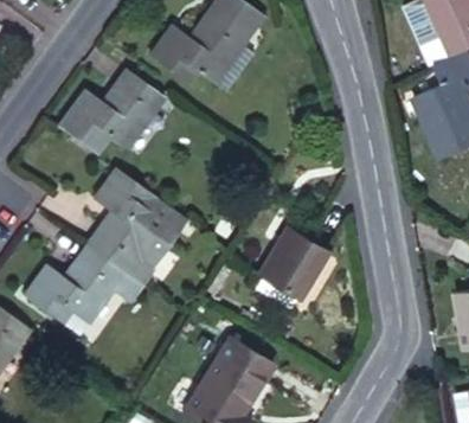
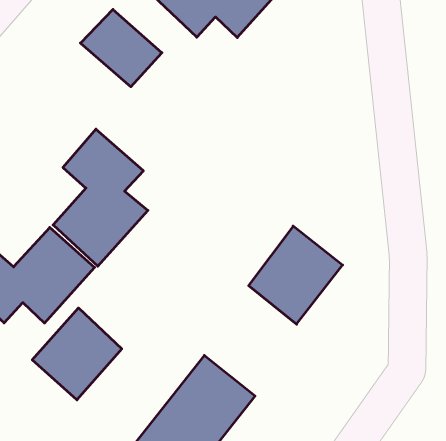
building: [56,91,142,150] -> none
building: none -> [32,308,122,400]

